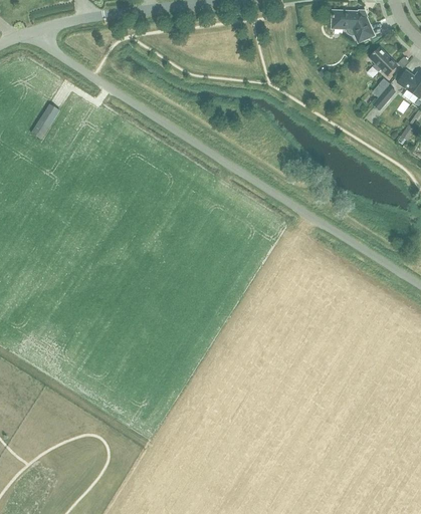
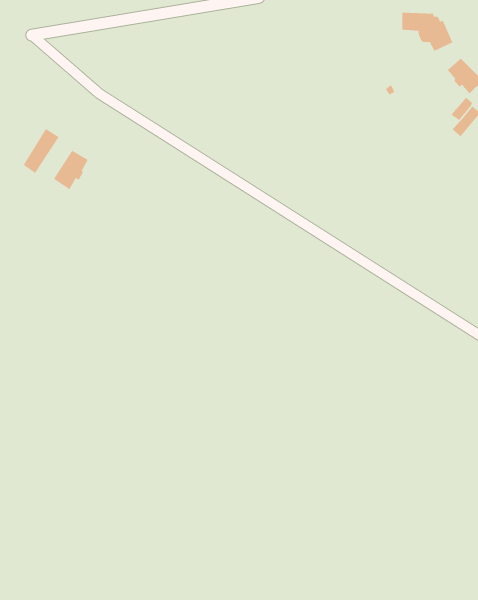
building: none -> [53,150,89,190]

